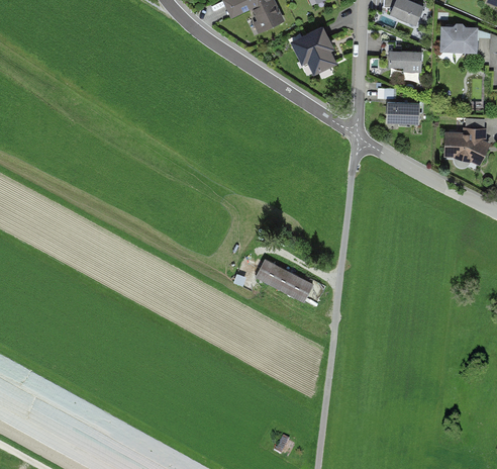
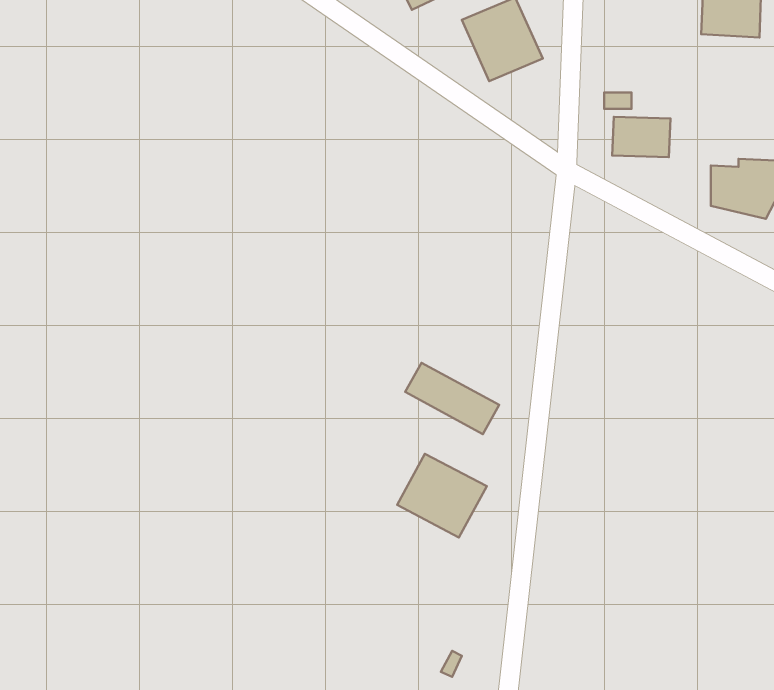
building: [386,51,423,70] -> none
building: none -> [397,454,487,537]

